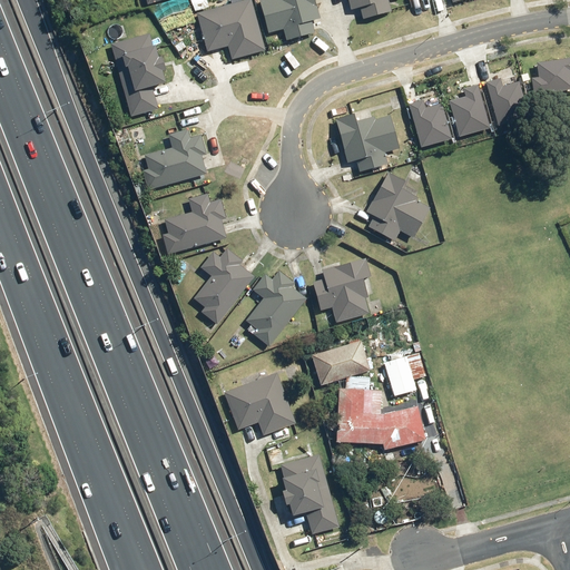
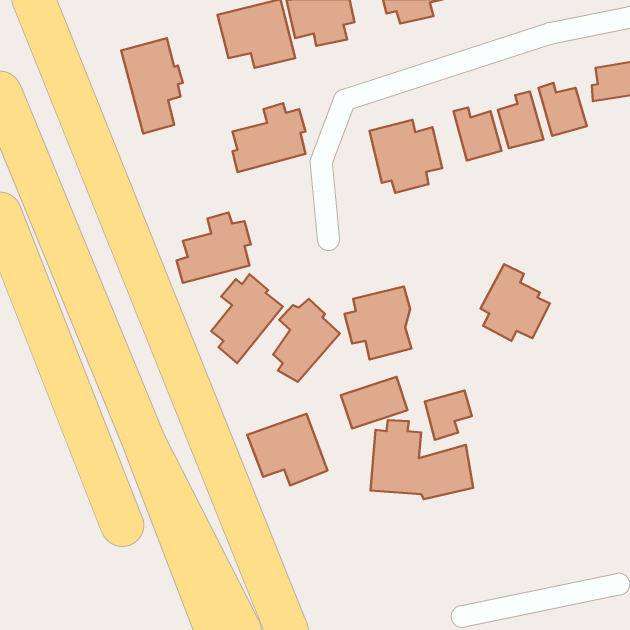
building: [141,129,207,191] -> [233,103,306,172]
building: [366,171,429,240] -> [481,264,550,341]
building: [281,455,337,533] -> none

